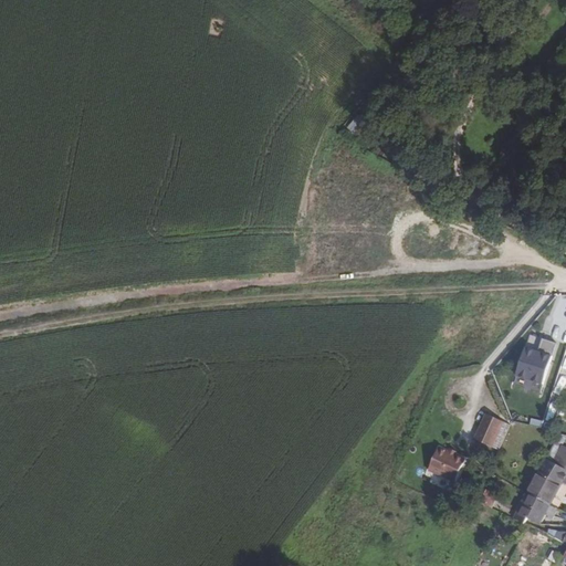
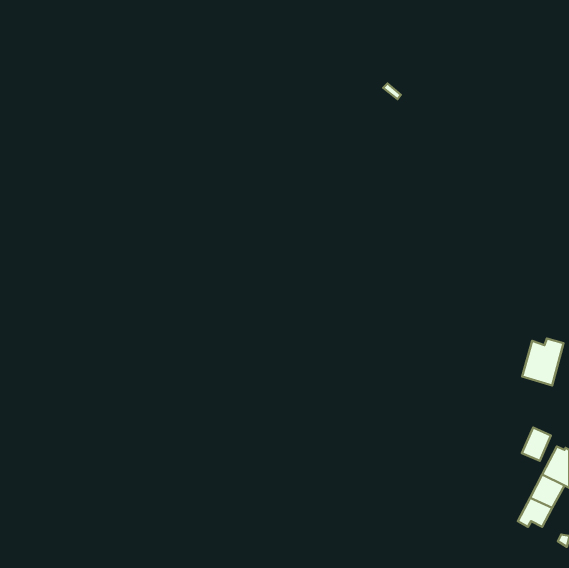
building: [471,412,500,446] -> [522,428,551,461]
building: [427,447,463,481] -> none

